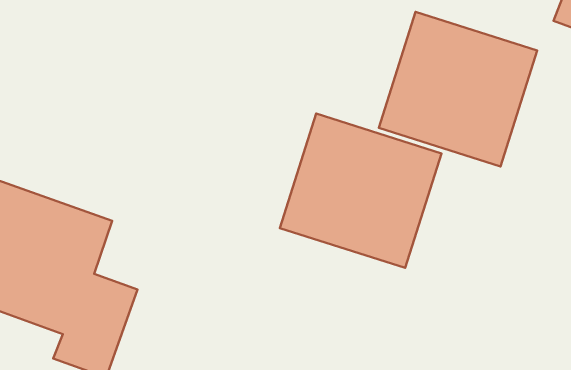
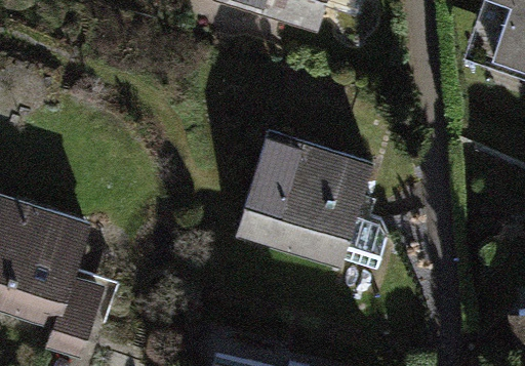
building: [379,12,537,167] -> none

